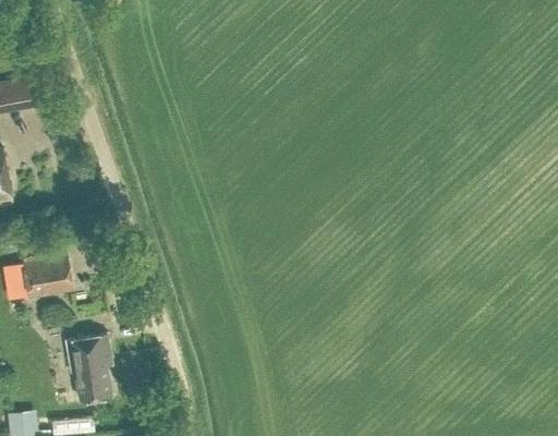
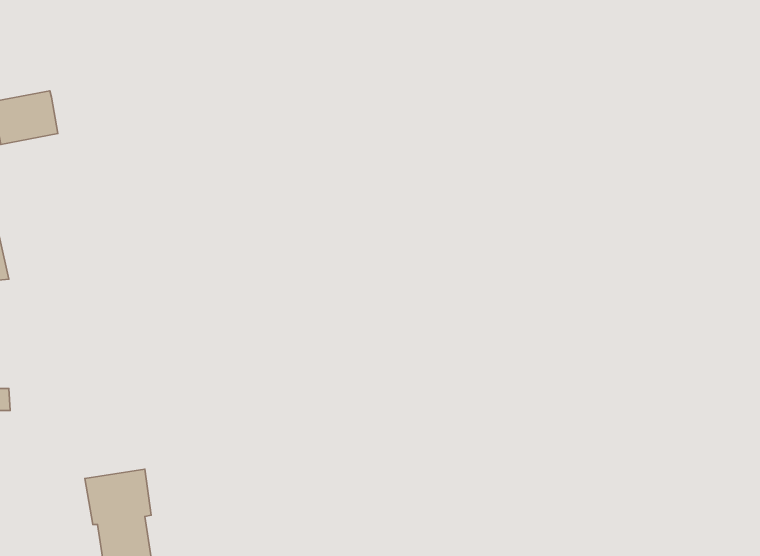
building: [22,249,74,298] -> none

